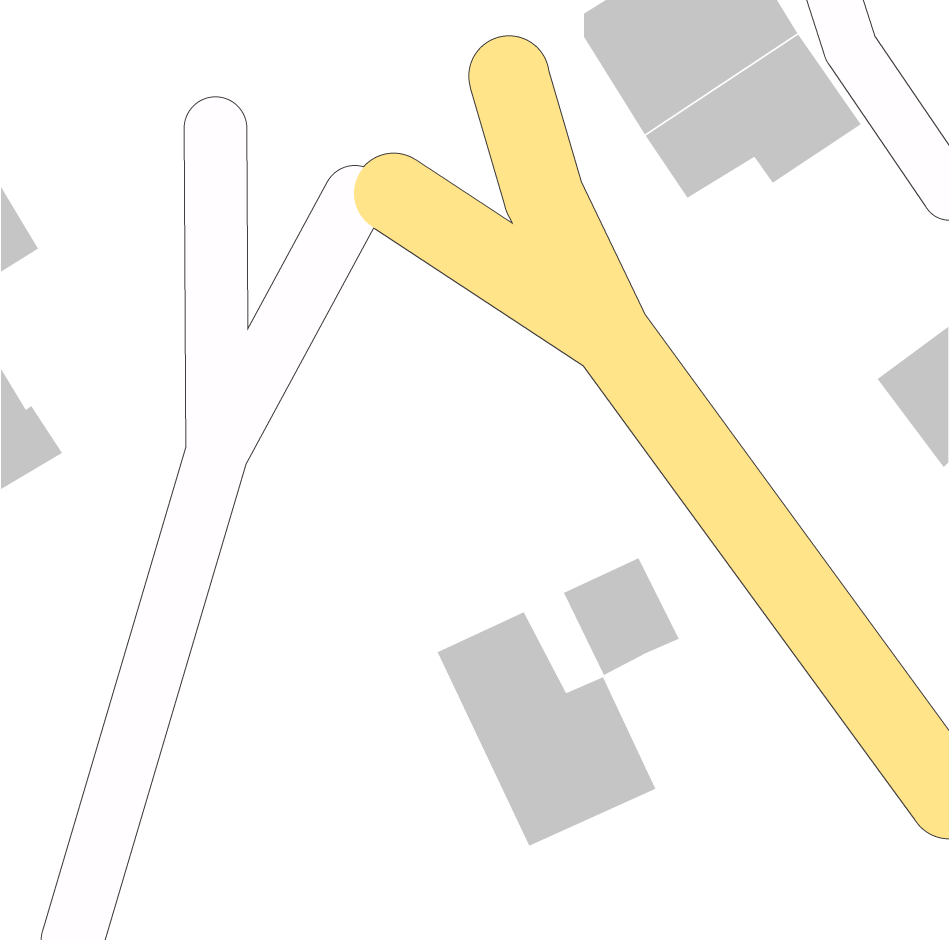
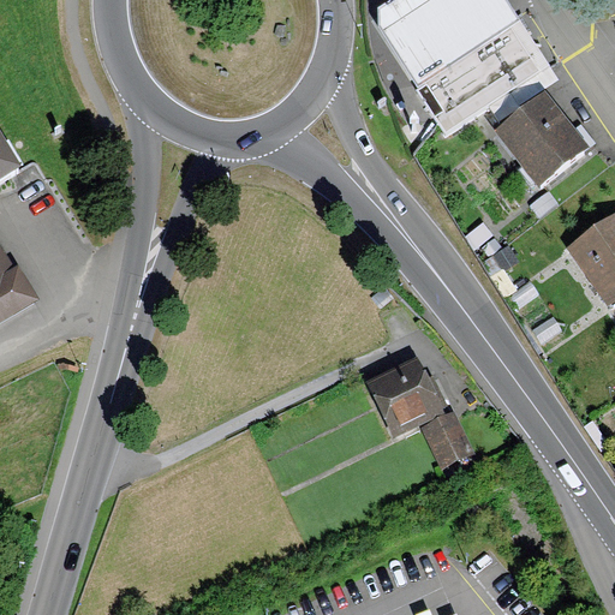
building: none -> [496,91,590,186]
building: [437,611,657,847] -> none
building: none -> [418,408,470,466]

